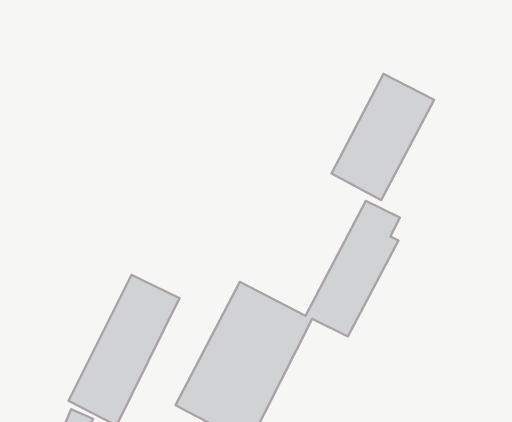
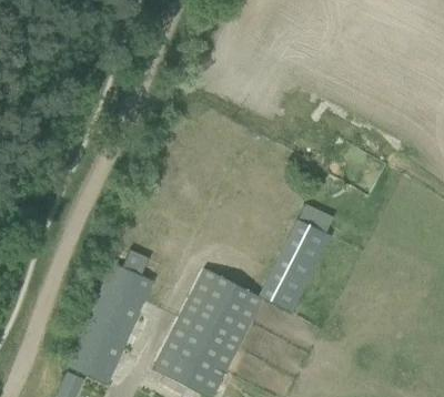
building: [332,74,434,200] -> none

